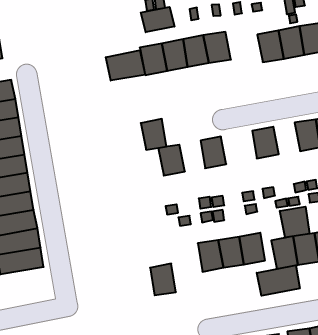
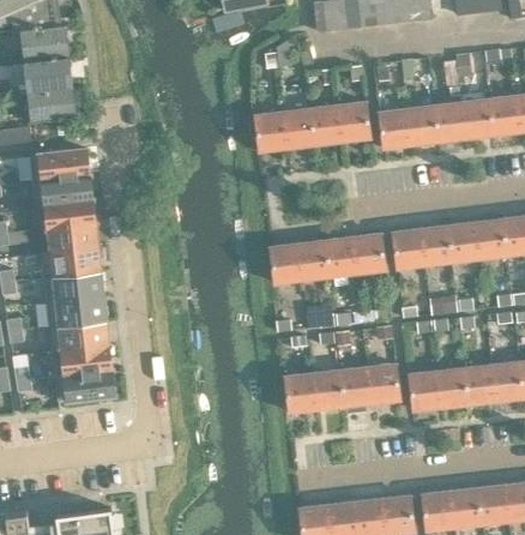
building: [141,7,174,32] -> none
building: none -> [379,108,411,148]
building: [106,50,145,81] -> none
building: [141,119,166,150] -> [297,240,328,278]
building: none -> [420,224,452,264]
building: none -> [351,234,384,272]
building: [280,207,310,238] -> none
building: [150,264,176,295] -> [285,372,316,411]
building: [257,265,300,296] -> none

